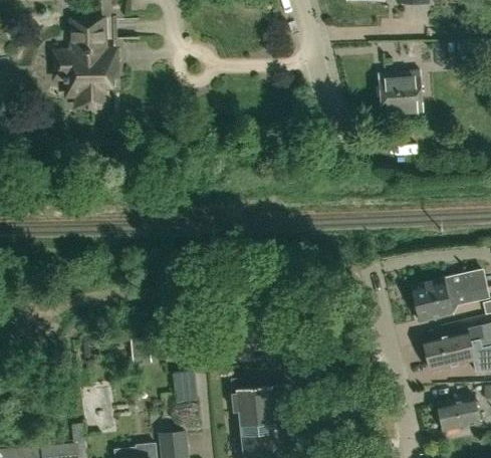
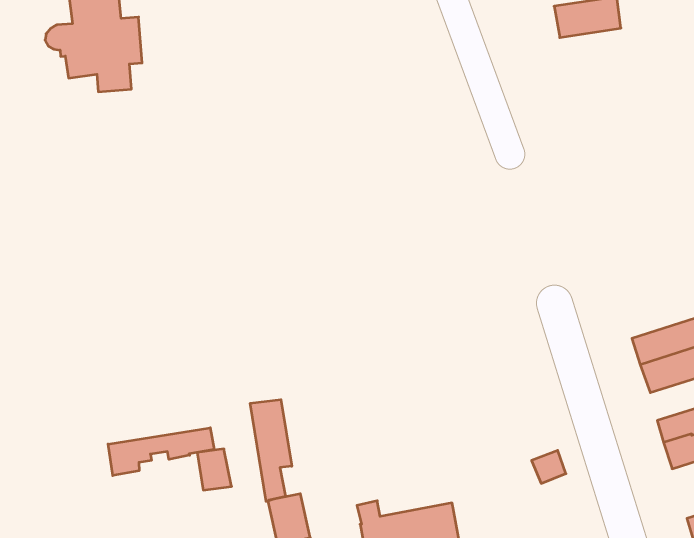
building: [380,89,421,113] -> none
building: none -> [250,400,292,501]
building: none -> [108,428,214,476]

